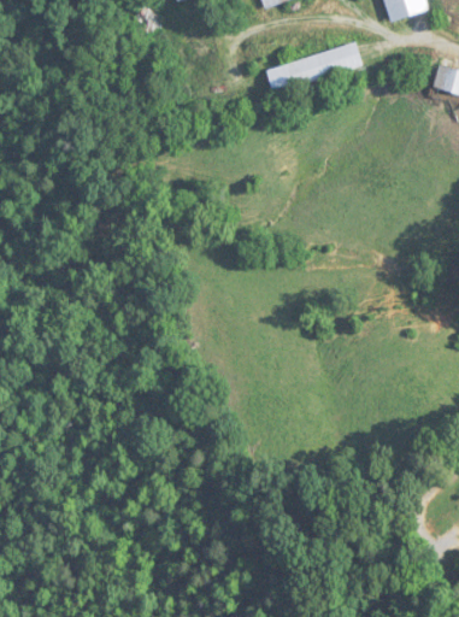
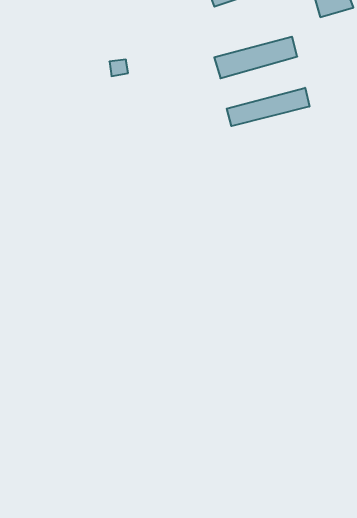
building: none -> [227,88,309,126]

